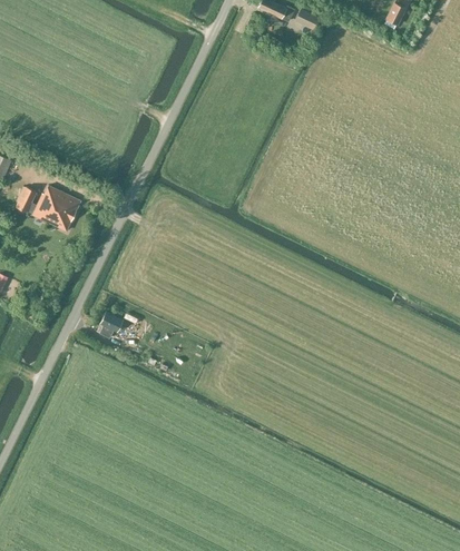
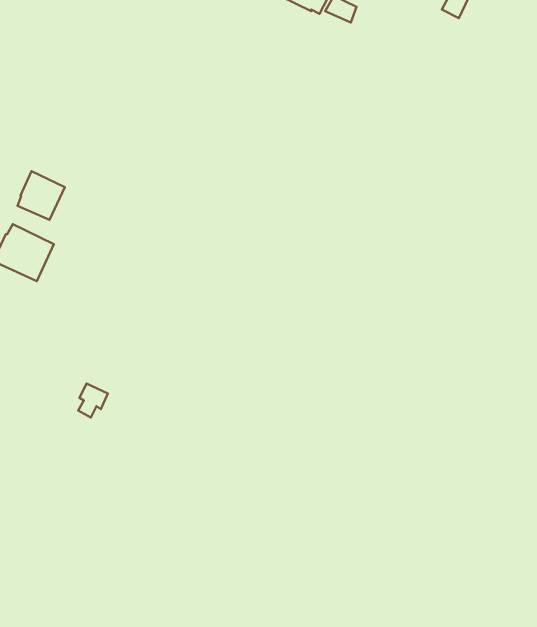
building: none -> [18,171,65,220]

